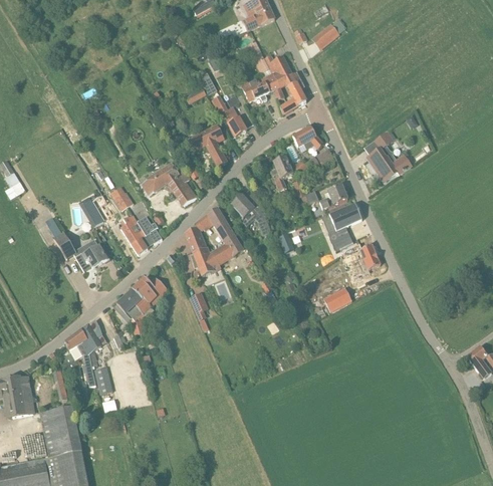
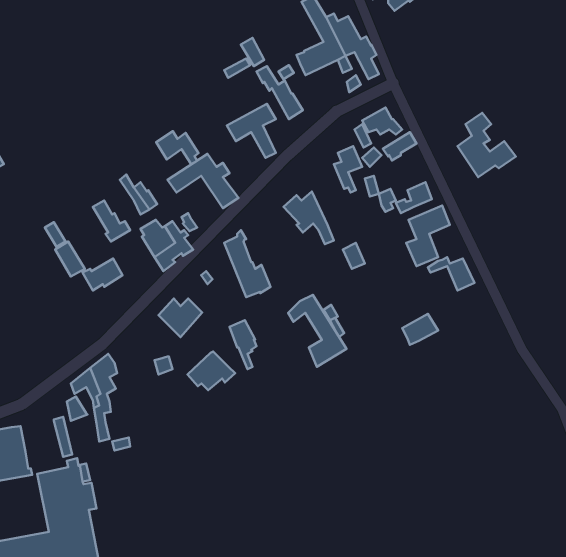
building: none -> [156,131,199,164]
building: [198,208,243,264] -> [288,295,346,367]
building: [113,288,151,318] -> [187,351,235,390]

